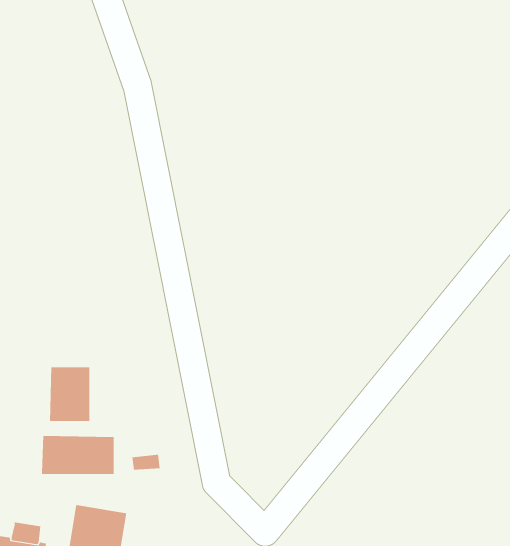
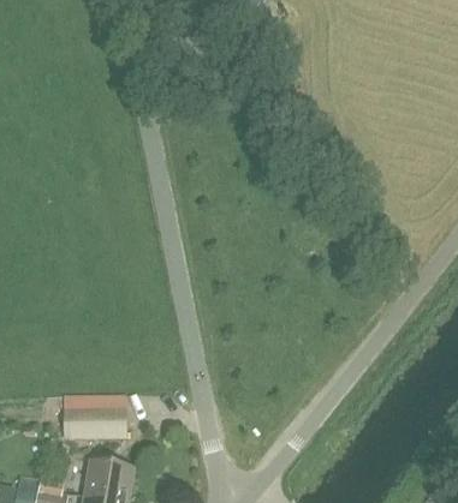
building: [49,367,90,422] -> none

